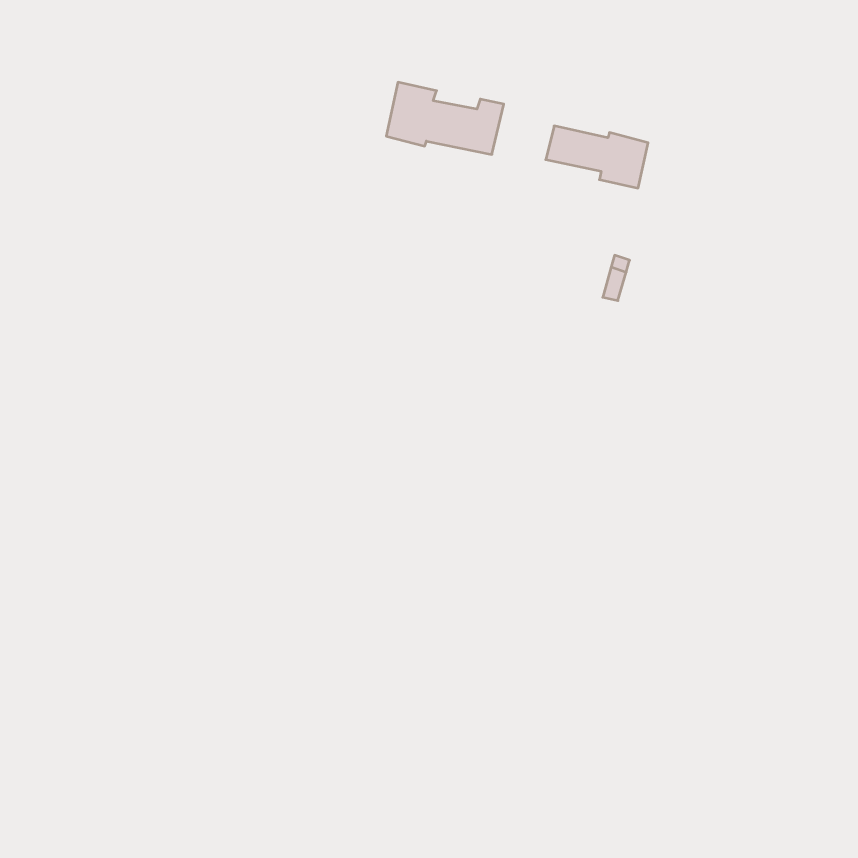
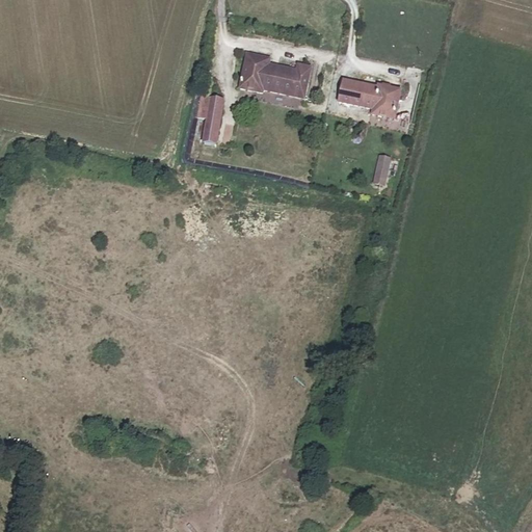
building: none -> [198,92,223,141]

